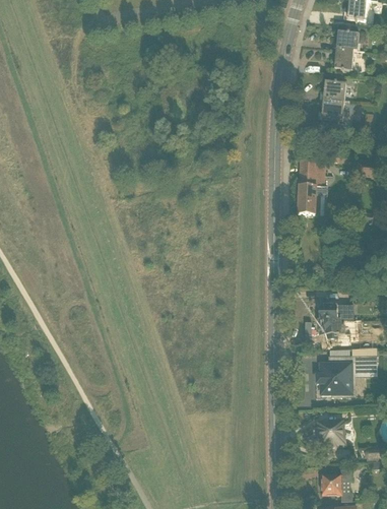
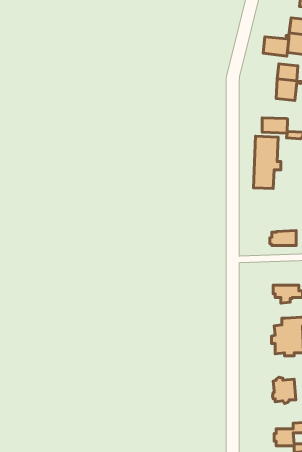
building: none -> [263,35,289,56]
building: none -> [262,118,287,133]
building: [317,303,345,319] -> [270,230,296,245]

